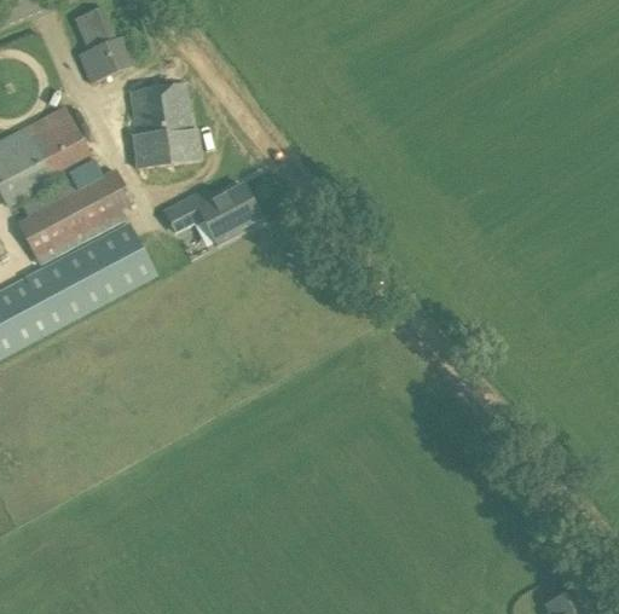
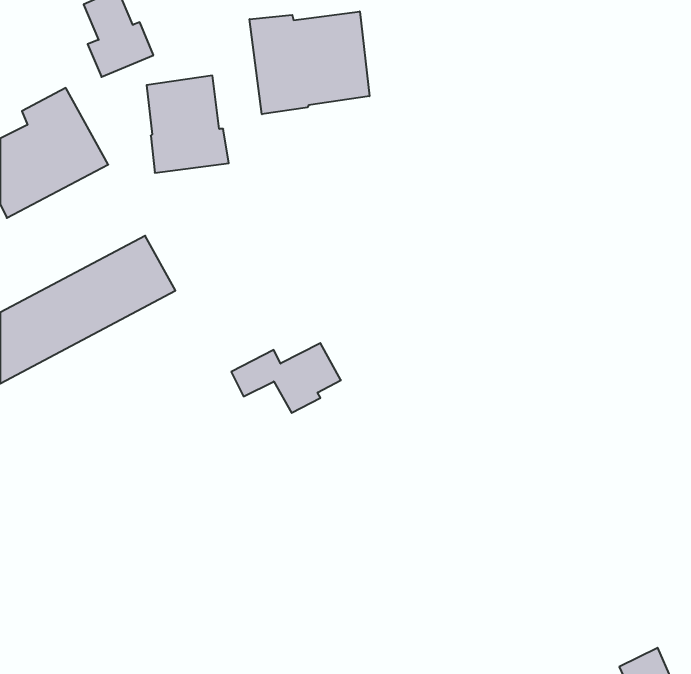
building: none -> [250,11,369,114]
building: [16,164,131,266] -> none
building: [164,185,261,247] -> [231,343,341,413]

